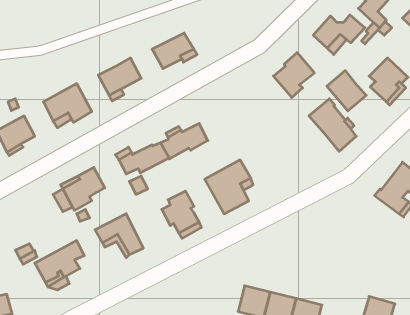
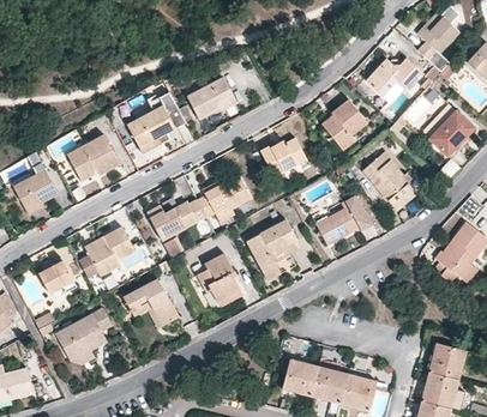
building: [327,71,366,111] -> none
building: none -> [260,137,307,177]
building: none -> [315,206,369,244]
building: none -> [38,259,76,303]
building: none -> [429,343,465,380]

